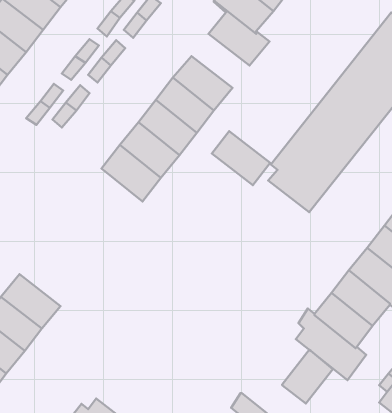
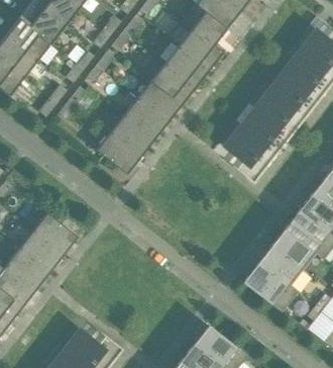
building: [212,131,270,185] -> [163,45,208,87]
building: none -> [32,211,78,254]
building: [282,350,333,404] -> none

